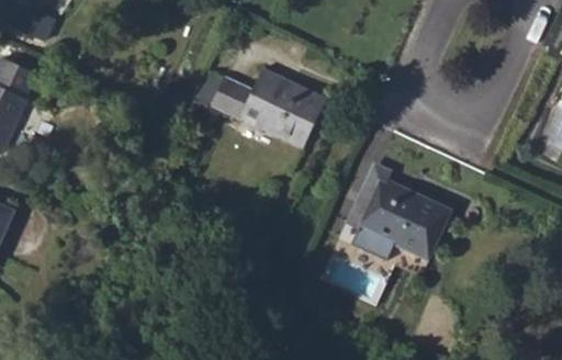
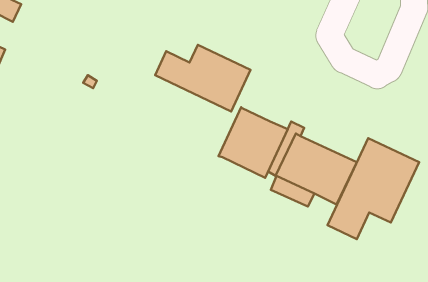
building: none -> [218,107,288,178]
building: none -> [327,138,419,239]

